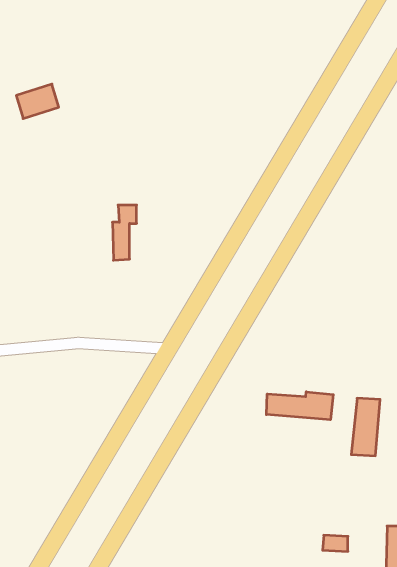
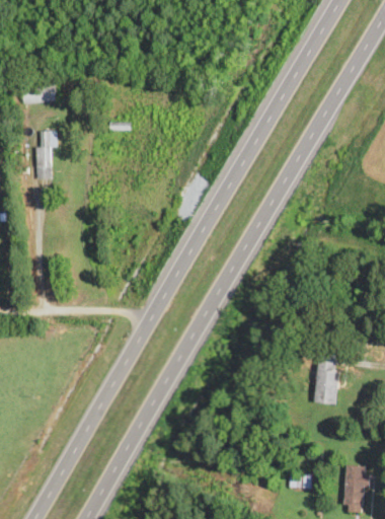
building: [112,205,137,260] -> [35,132,57,180]
building: [266,392,333,420] -> none

